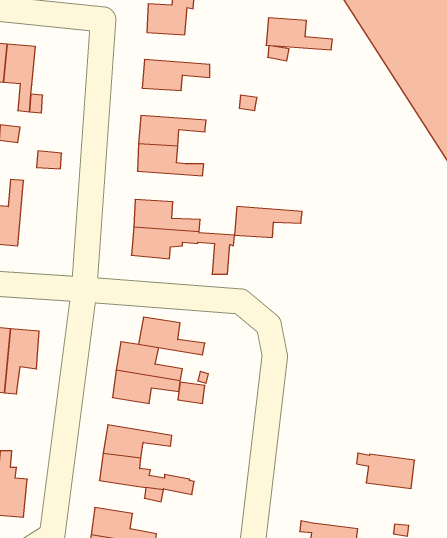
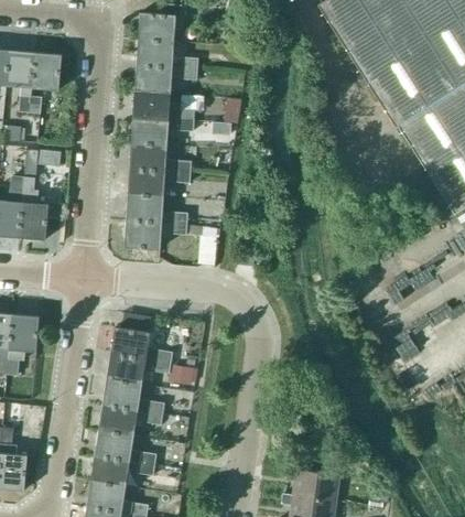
building: [266,18,332,50] -> [137,40,198,69]
building: none -> [32,53,62,90]
building: none -> [133,91,195,121]
building: none -> [19,177,48,240]
building: [235,207,302,237] -> [128,169,191,197]
building: [139,317,205,355] -> [102,379,164,414]
building: [357,453,415,489] -> [284,468,338,502]
building: none -> [90,456,129,487]

